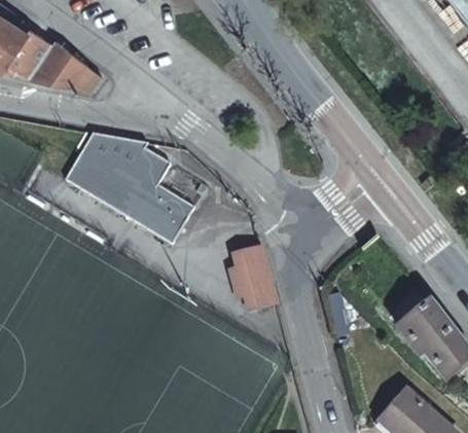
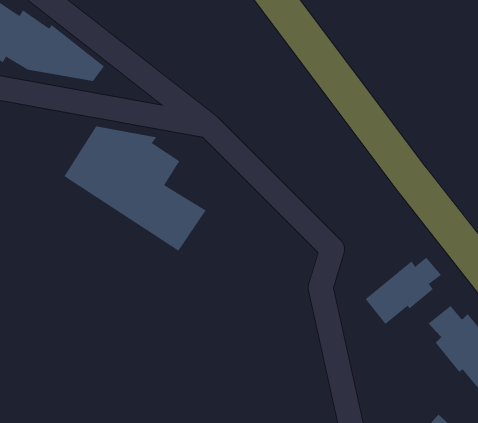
building: [230,248,275,310] -> none
building: none -> [365,257,442,325]

